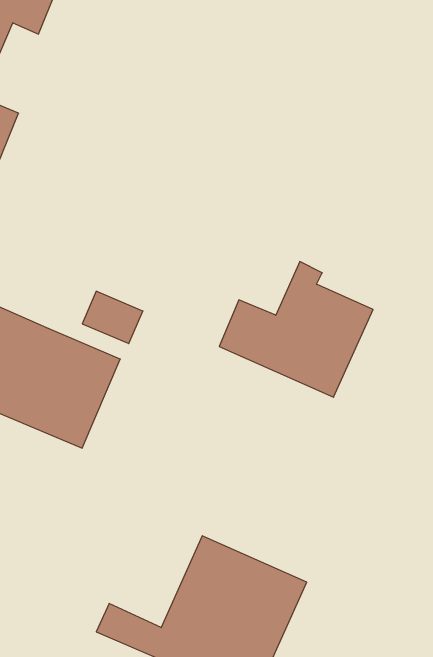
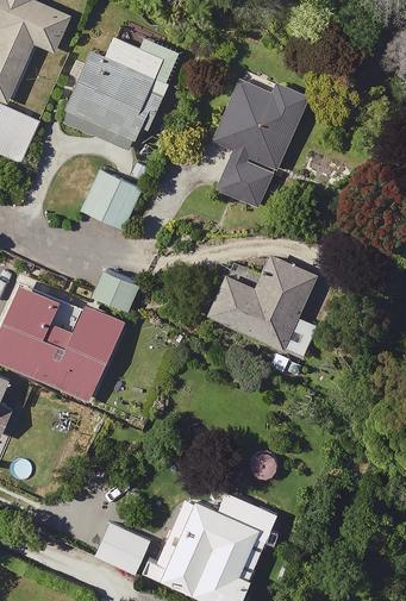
building: none -> [57,36,167,152]
building: none -> [212,82,304,212]
building: none -> [77,168,138,228]

